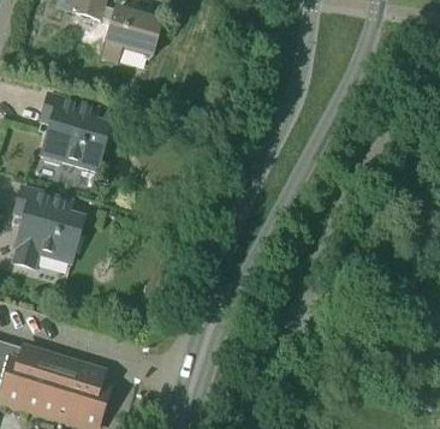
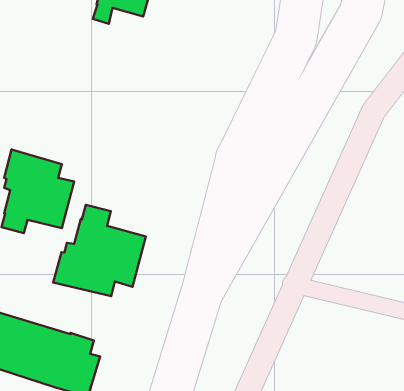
building: [41,93,109,168] -> none
building: none -> [53,205,146,296]

